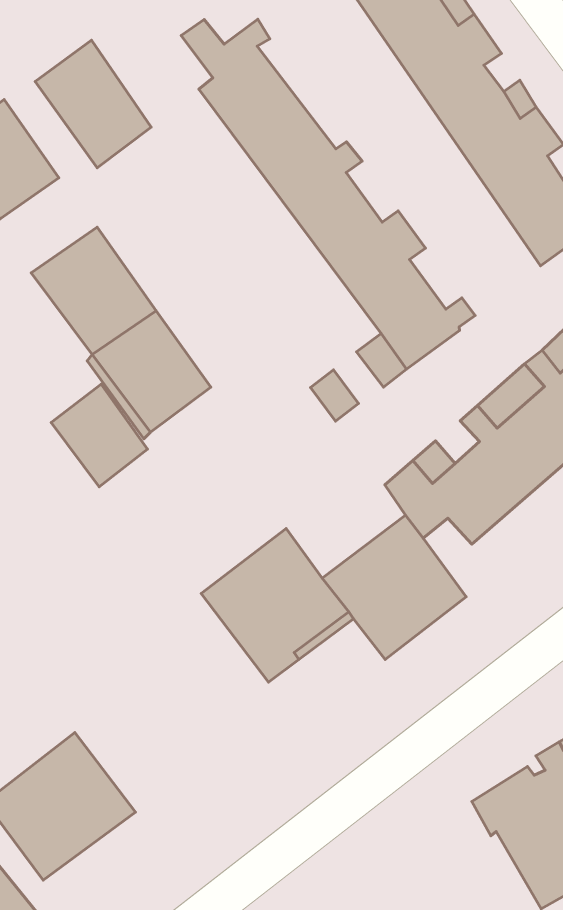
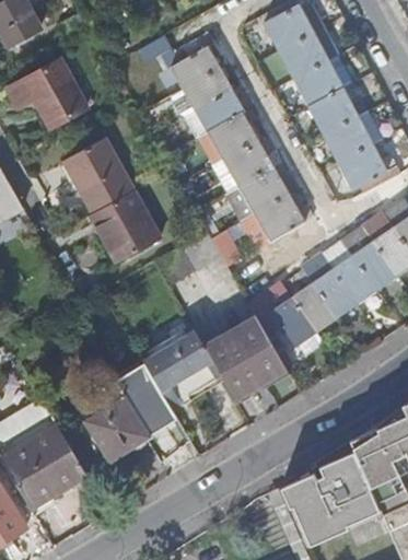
building: [35,40,151,168] -> none
building: [51,384,147,487] -> none
building: none -> [71,337,177,458]

